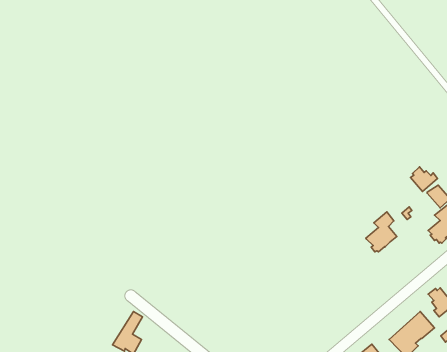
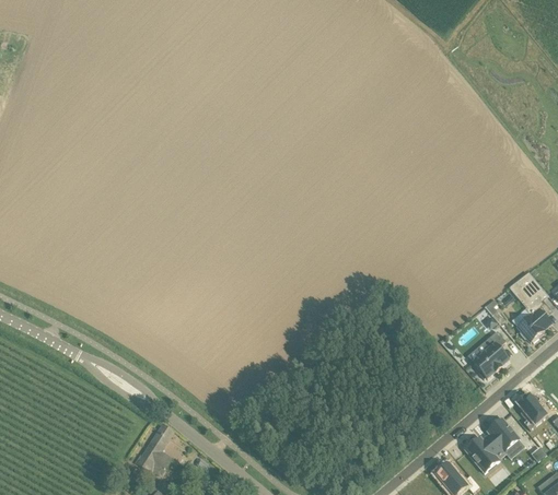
building: [410,167,438,191] -> none
building: [366,212,397,252] -> [472,329,509,377]

